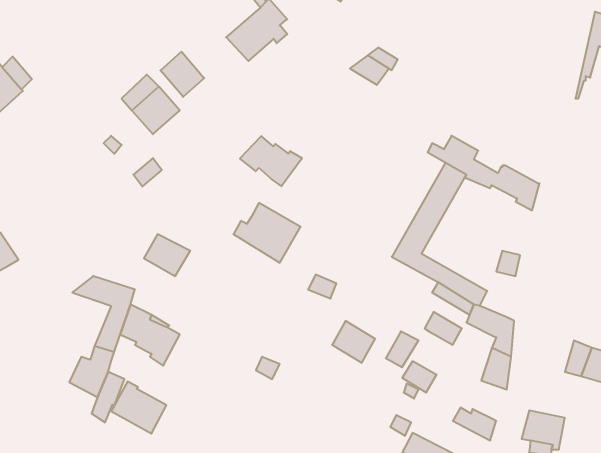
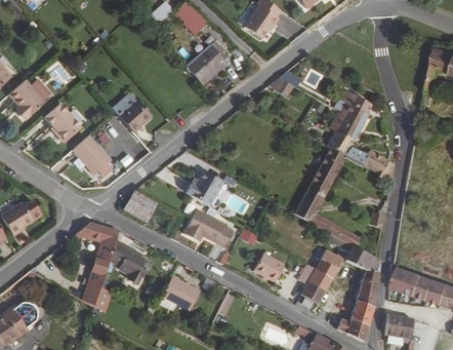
building: [160,52,204,97] -> none
building: none -> [332,85,376,139]
building: none -> [43,99,80,137]
building: [240,136,302,186] -> none
building: none -> [71,130,110,169]
building: none -> [186,217,233,249]
building: none -> [390,261,421,290]
building: none -> [311,263,338,293]
building: none -> [352,297,375,324]
building: [111,381,166,434] -> [162,277,200,313]

